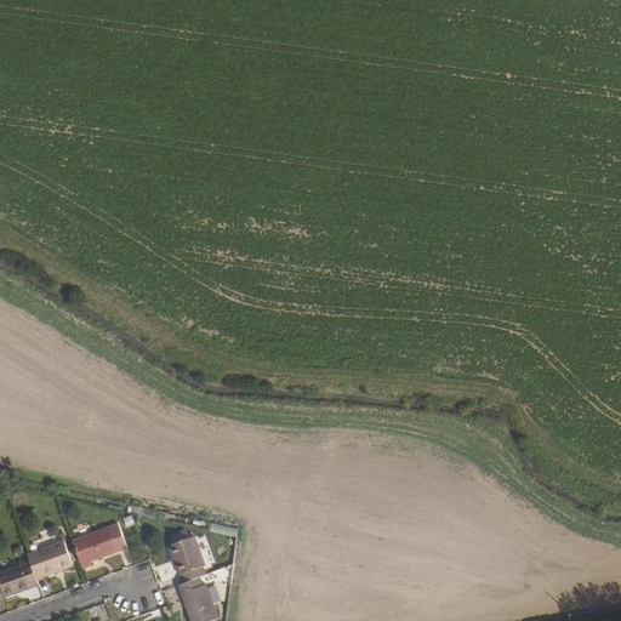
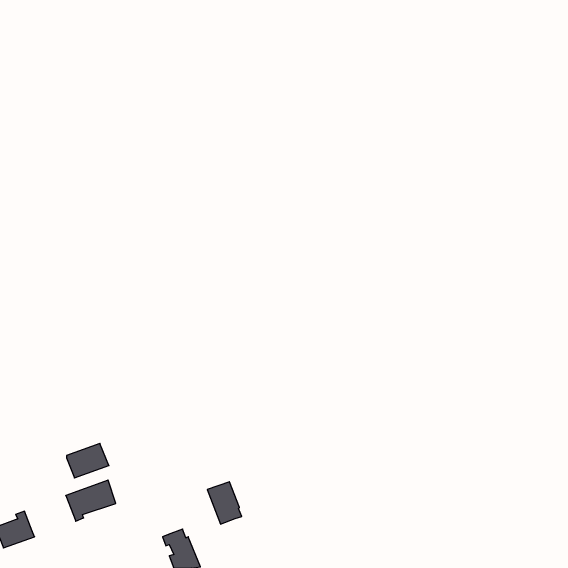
building: [169,536,206,582] -> [207,482,242,524]
building: [27,541,73,579] -> [67,443,109,478]

